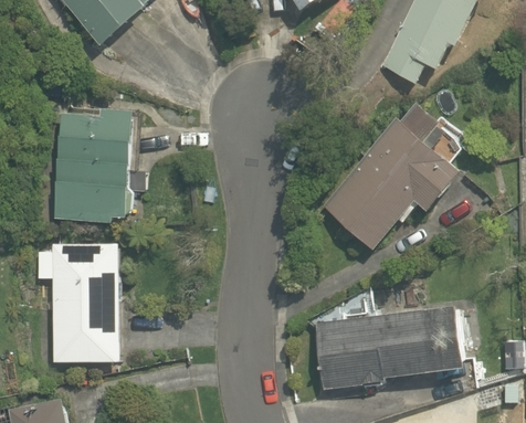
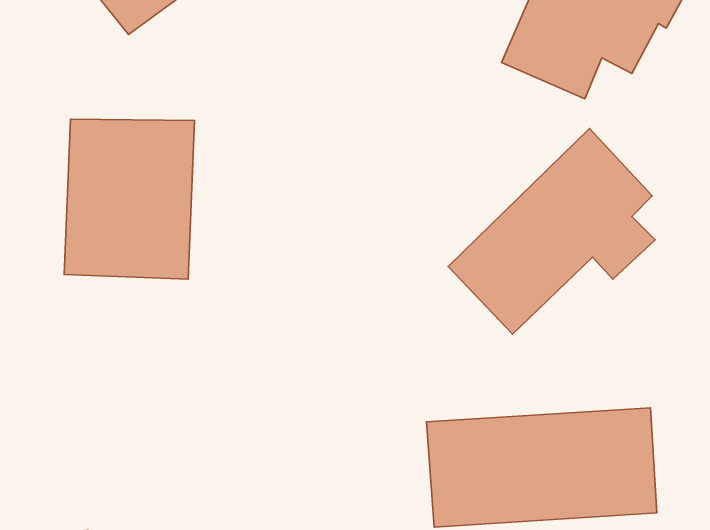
building: [46,236,122,363] -> none

